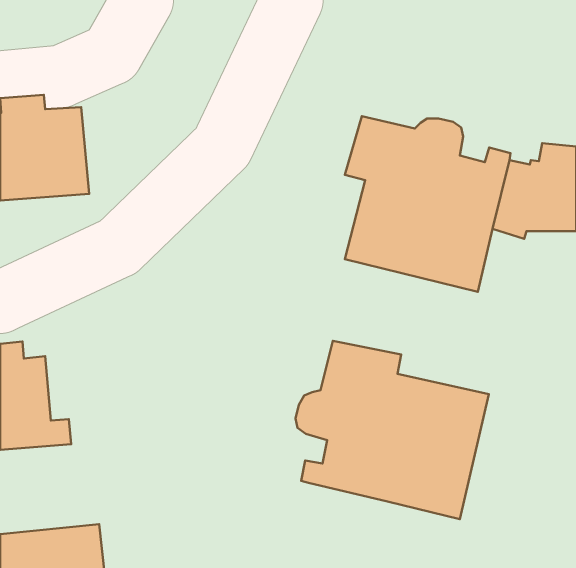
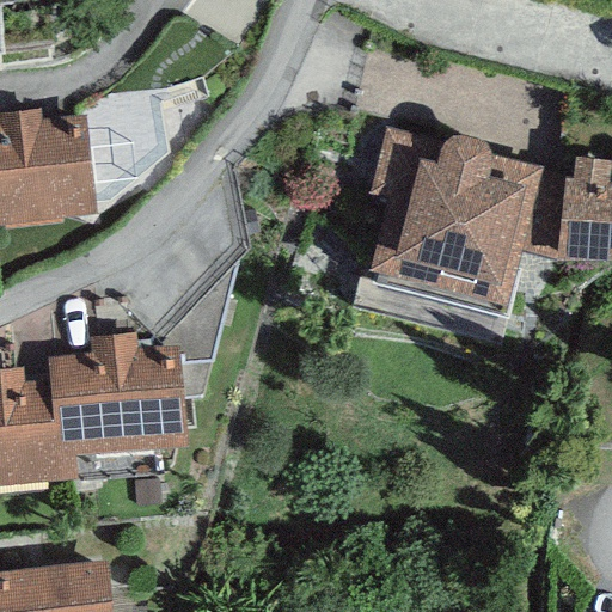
building: none -> [47,338,184,454]
building: [295,341,489,519] -> none

